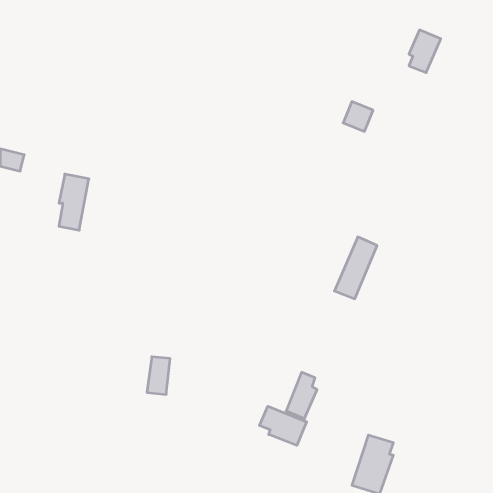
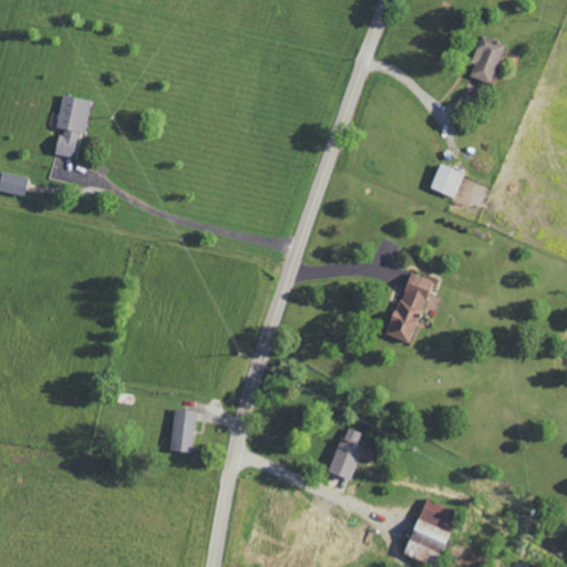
building: [343,102,373,131] -> [430,164,464,198]
building: [59,174,89,230] -> [55,95,90,159]
building: [259,406,307,445] -> none

